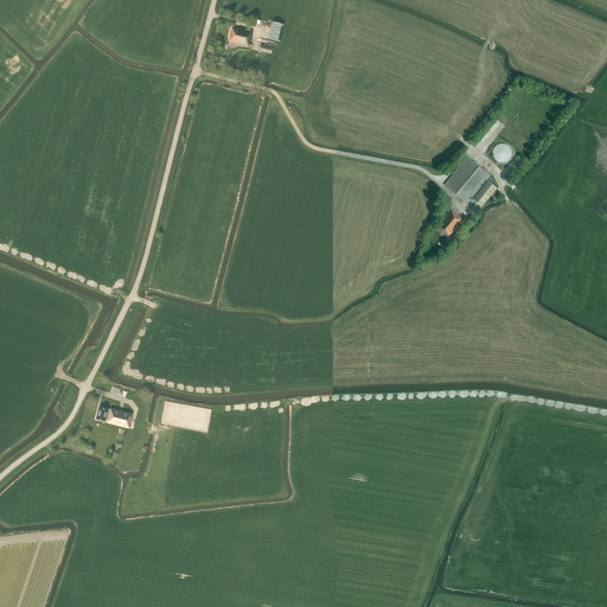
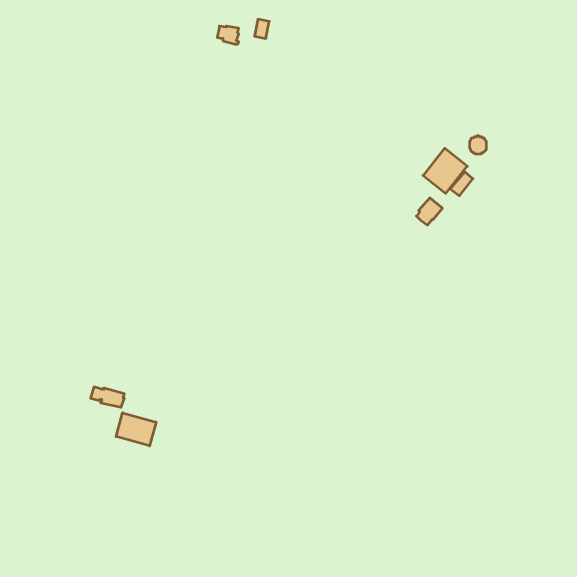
building: none -> [116,413,156,446]

